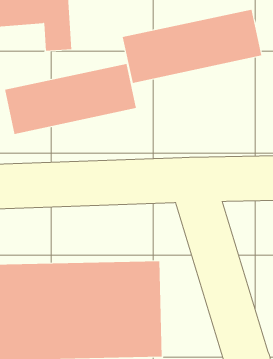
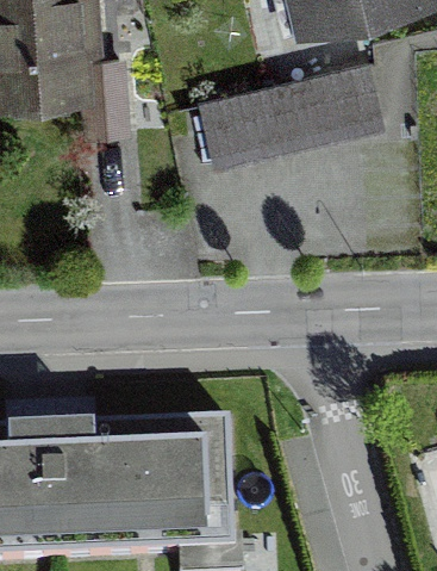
building: [4,63,136,135] -> none

